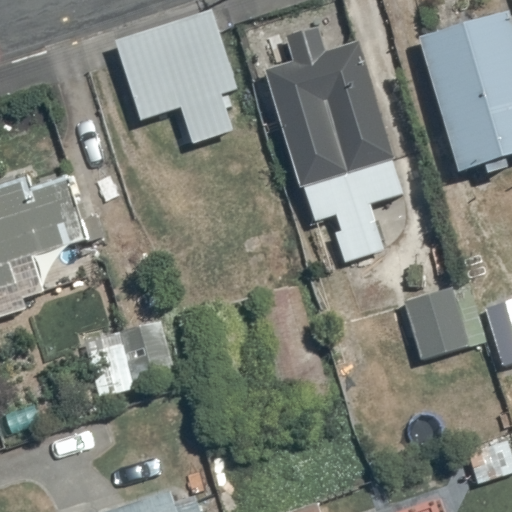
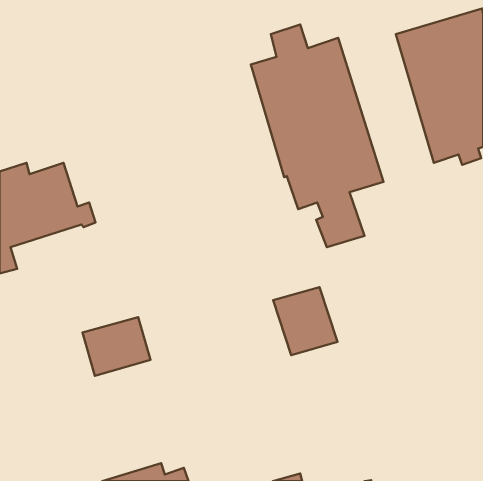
building: [123,19,249,153] -> none
building: [403,287,471,359] -> [273,287,337,355]

